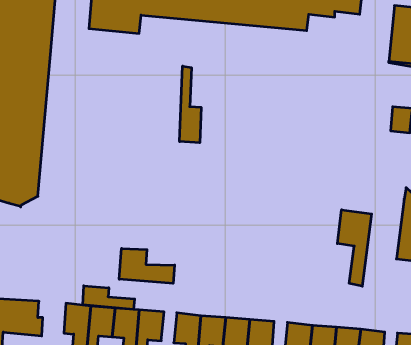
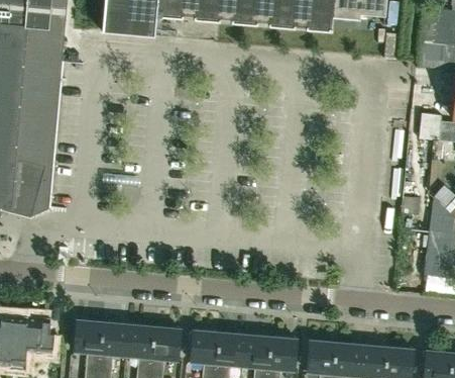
building: [180,66,201,143] -> none
building: [337,210,372,286] -> none
building: [119,248,175,283] -> none
building: [83,286,135,309] -> none

